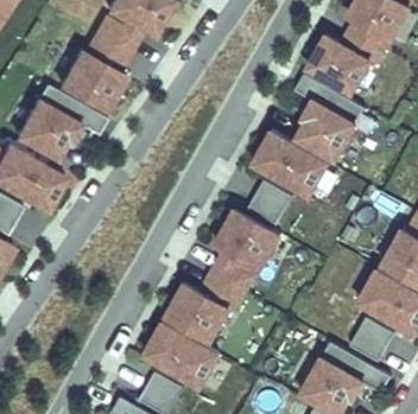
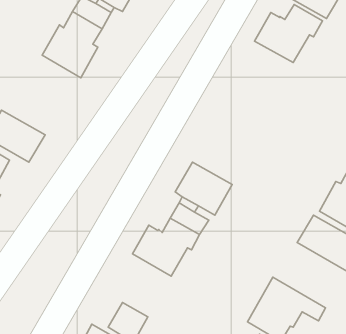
building: [297,72,368,159] -> none
building: [17,83,107,158] -> none
building: [254,130,330,196] -> none
building: [247,180,293,225] -> none
building: [350,318,397,364] -> none
building: [144,323,220,389] -> none

